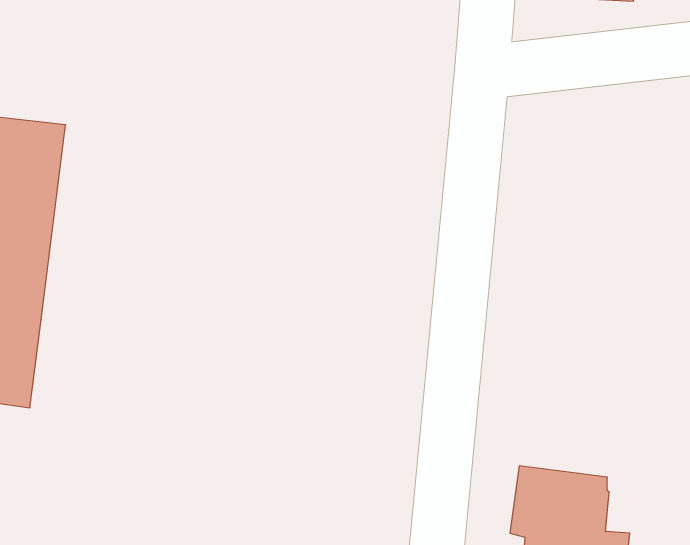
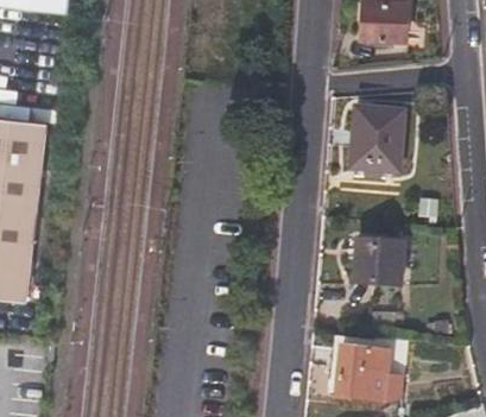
building: none -> [351,107,404,173]
building: none -> [354,240,403,286]

